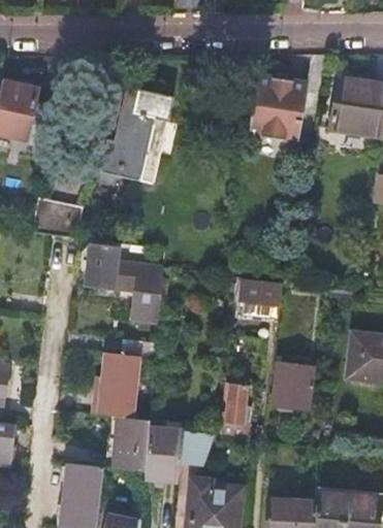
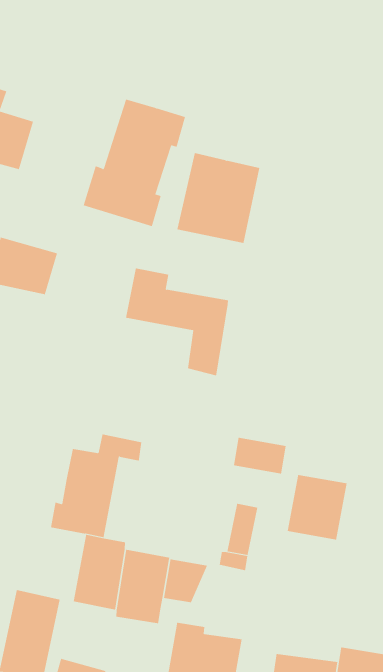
building: [248,75,308,141] -> [177,153,260,243]
building: [86,246,163,324] -> [125,268,229,376]
building: [242,280,281,306] -> [233,437,286,474]

